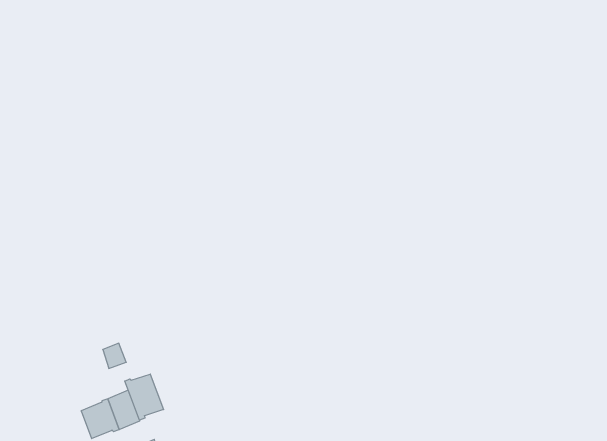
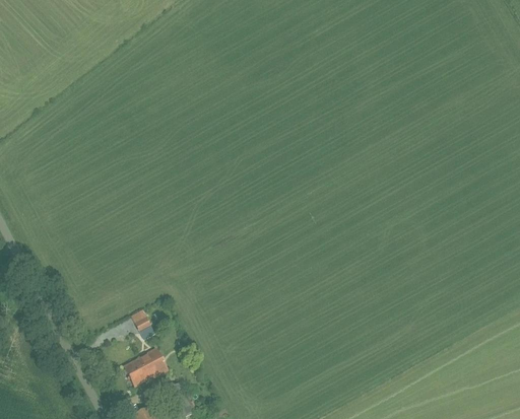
building: [125,374,164,420] -> none

